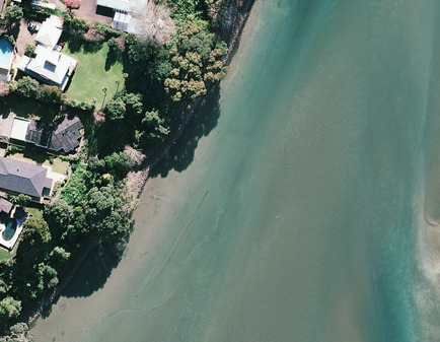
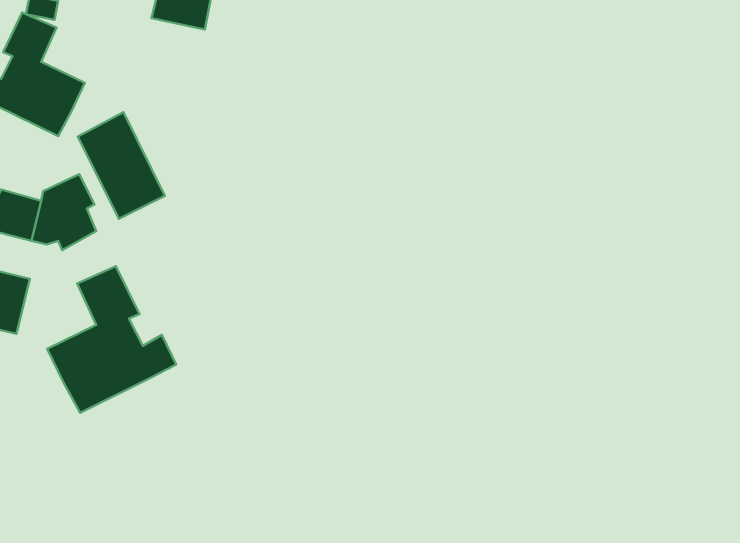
building: none -> [78,112,165,219]
building: none -> [47,266,176,413]

